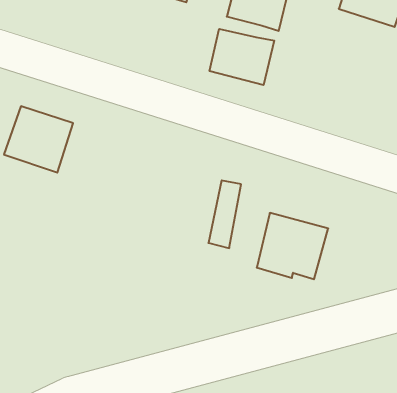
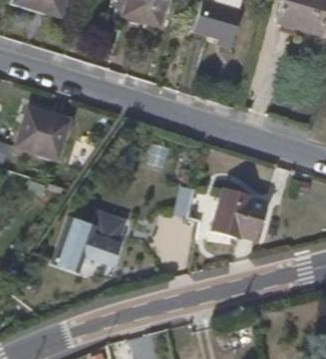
building: [210,29,274,85] -> none
building: none -> [54,212,126,269]

